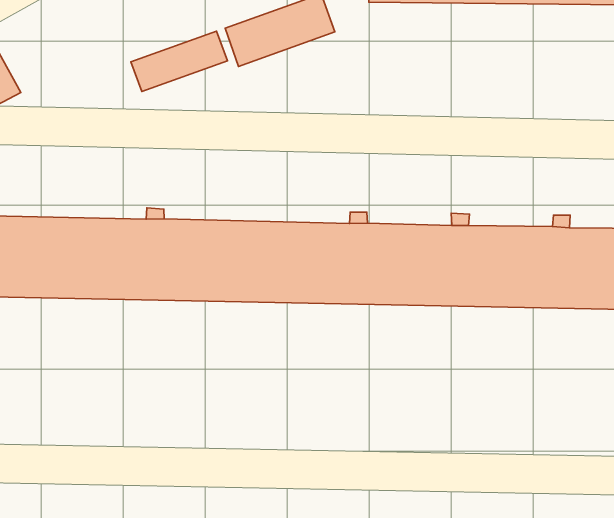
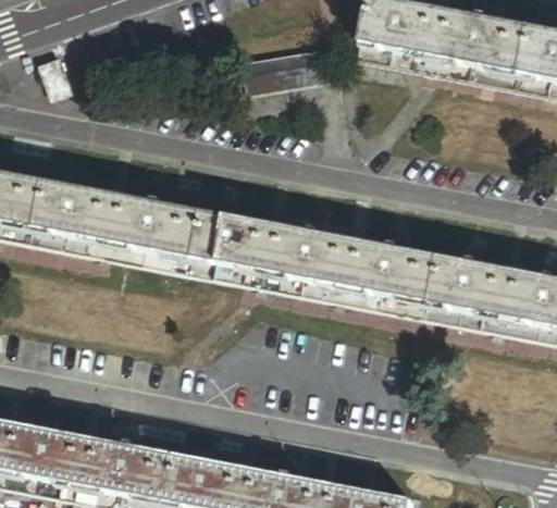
building: [131,31,227,92] -> none

